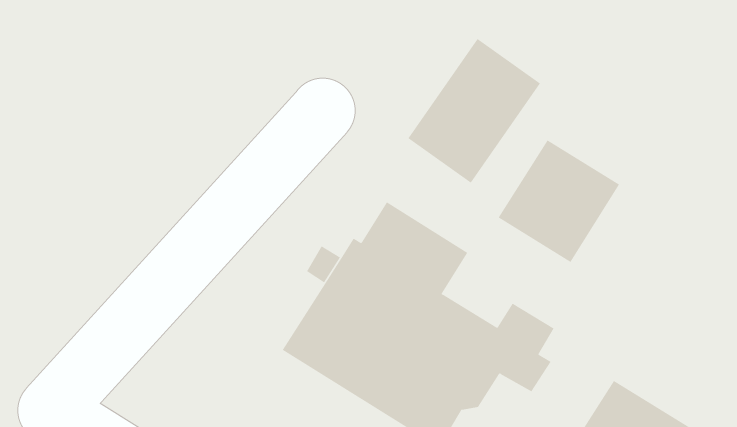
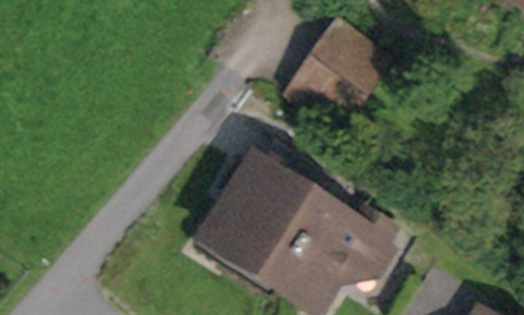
building: [498,139,620,263] -> none

